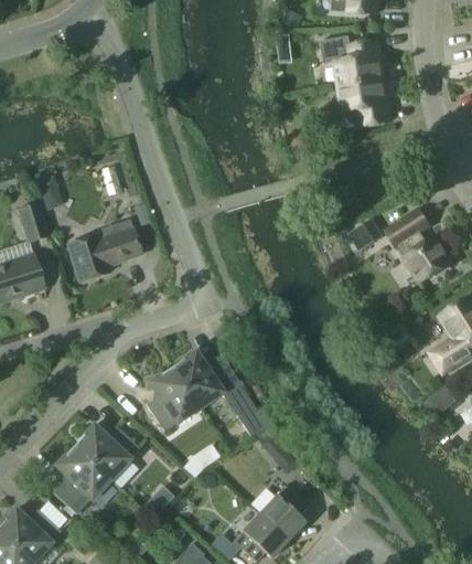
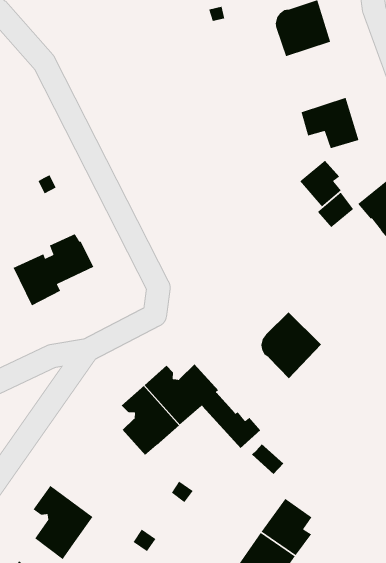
building: [340,82,389,127] -> [300,97,359,149]
building: none -> [299,160,342,208]
building: none -> [261,311,322,379]
building: [74,426,138,480] -> none

